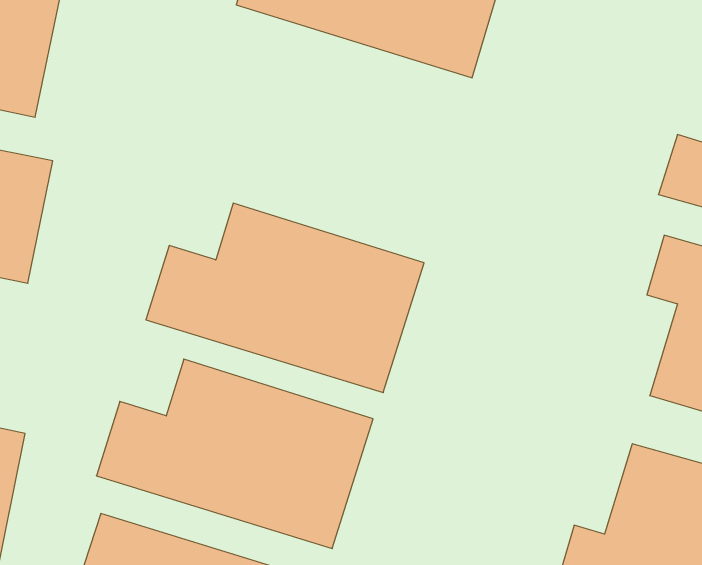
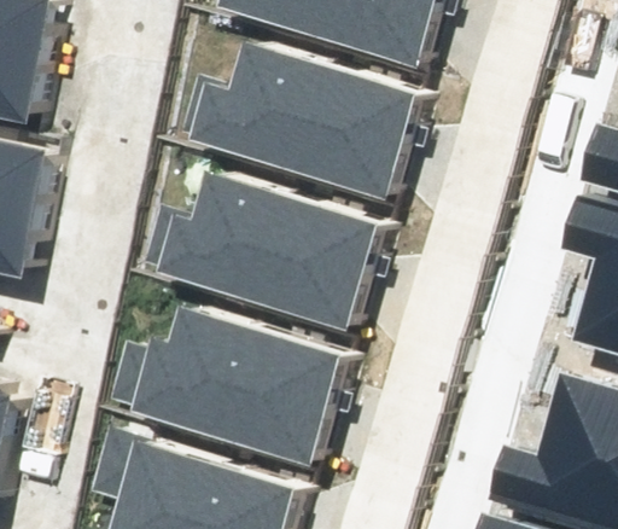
building: none -> [191,45,420,202]

